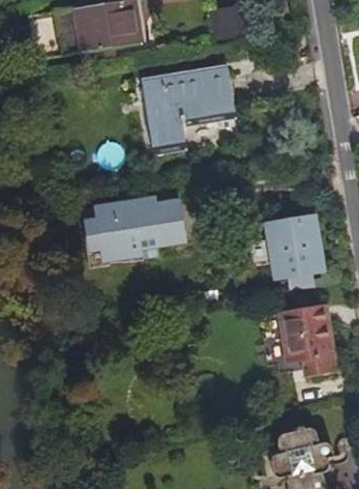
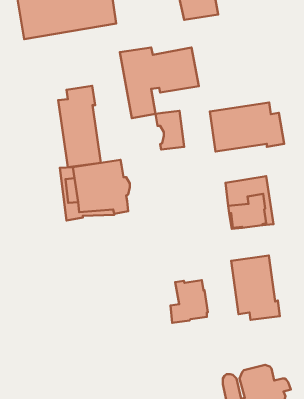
building: none -> [58,86,101,167]
building: none -> [210,102,284,152]
building: [148,199,180,242] -> [156,111,184,150]
building: none -> [171,280,208,323]

